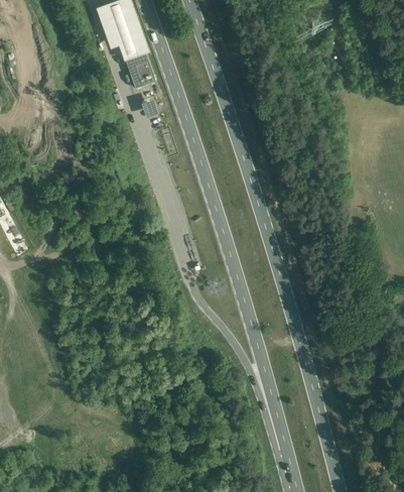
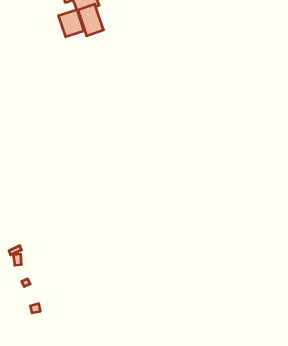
building: none -> [59,10,84,37]

